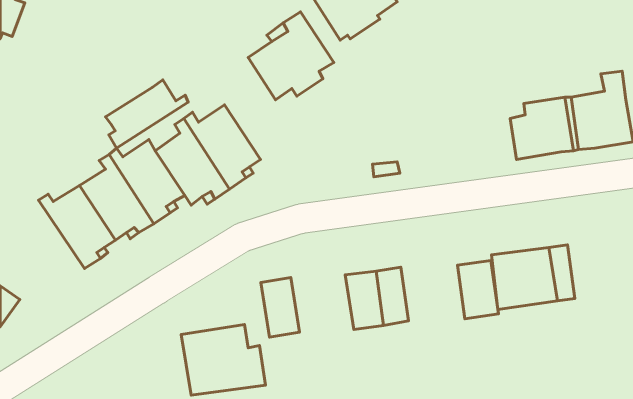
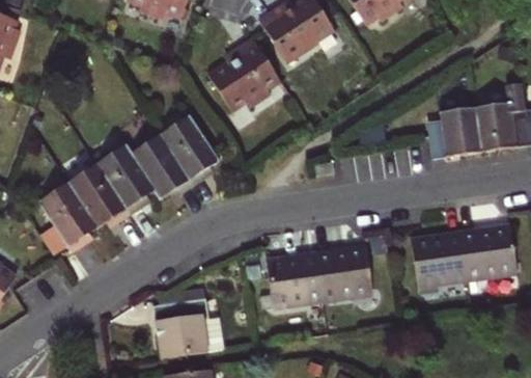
building: [105,80,188,148] -> none
building: none -> [475,227,518,276]
building: [457,260,498,319] -> [336,246,370,295]
building: [261,278,299,337] -> [264,256,297,306]

